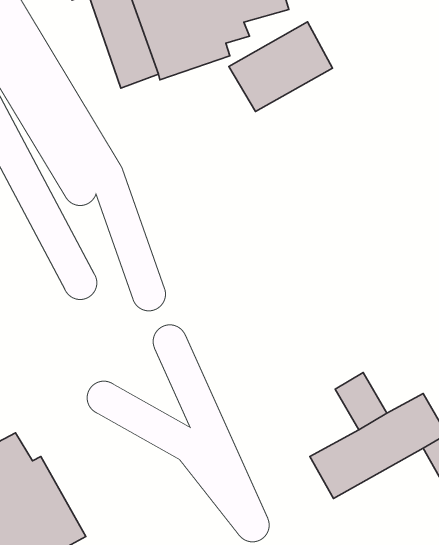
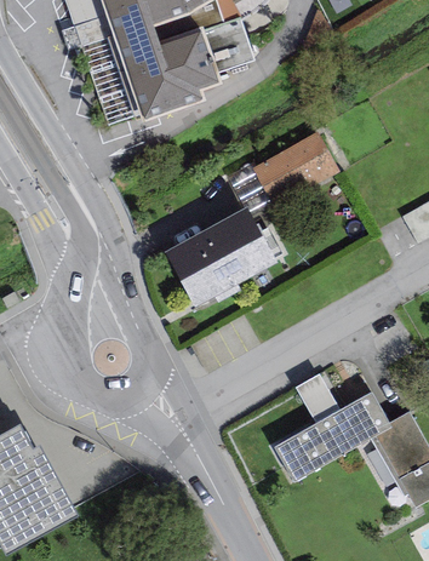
building: [229,22,333,111] -> [252,128,342,206]
building: none -> [165,205,279,305]

